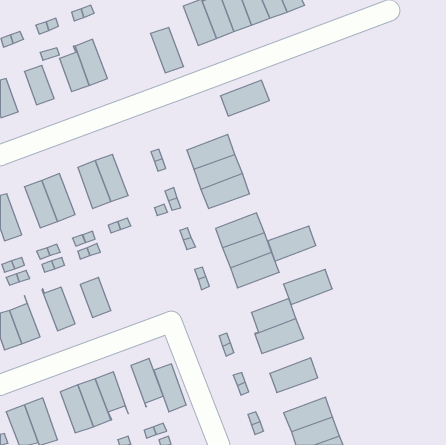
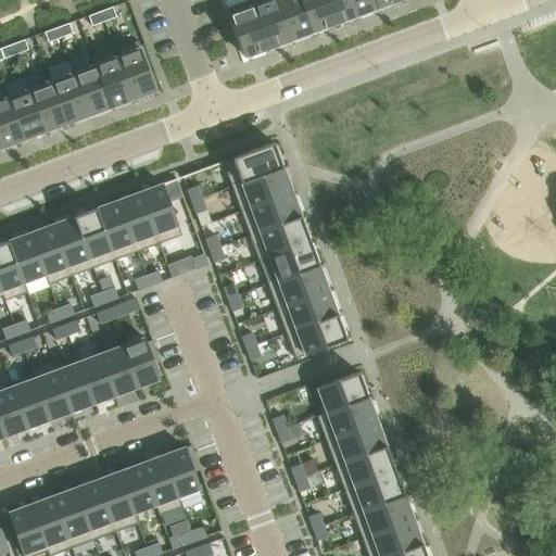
building: [150,27,184,73] -> [115,41,156,98]
building: none -> [52,73,89,123]
building: none -> [8,89,46,139]
building: [220,80,269,116] -> [223,142,283,187]
building: none -> [140,184,182,243]
building: none -> [74,208,115,267]
building: none -> [9,232,50,292]
building: [268,226,316,261] -> [260,241,319,285]
building: [283,269,332,304] -> [326,421,387,465]
building: none -> [123,337,161,387]
building: none -> [76,354,115,403]
building: none -> [30,361,72,419]
building: [154,364,186,412] -> [141,455,181,515]
building: none -> [344,470,405,514]
building: none -> [53,488,93,547]

